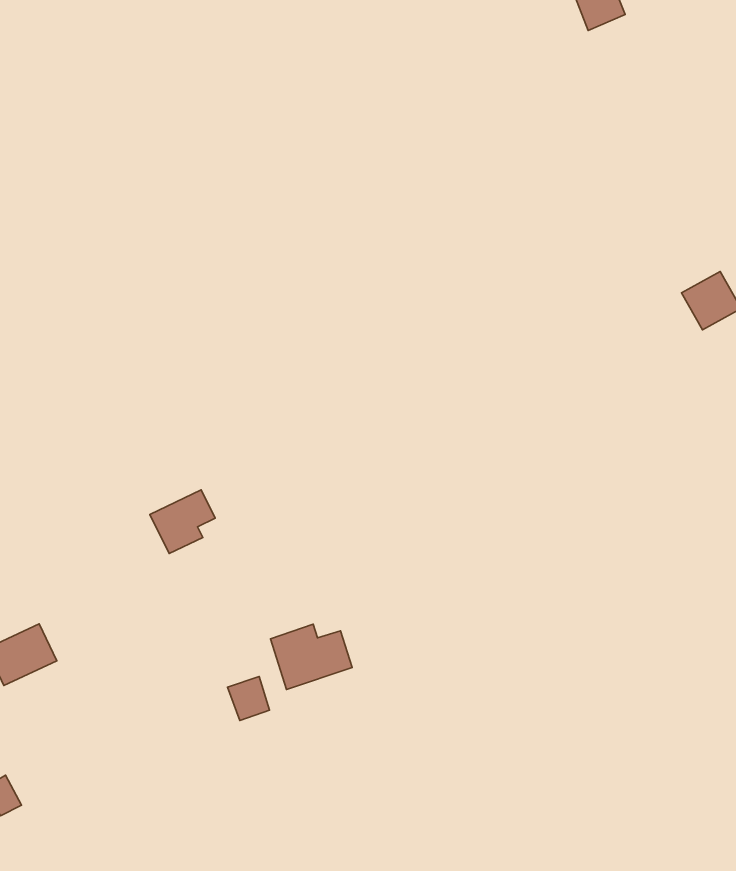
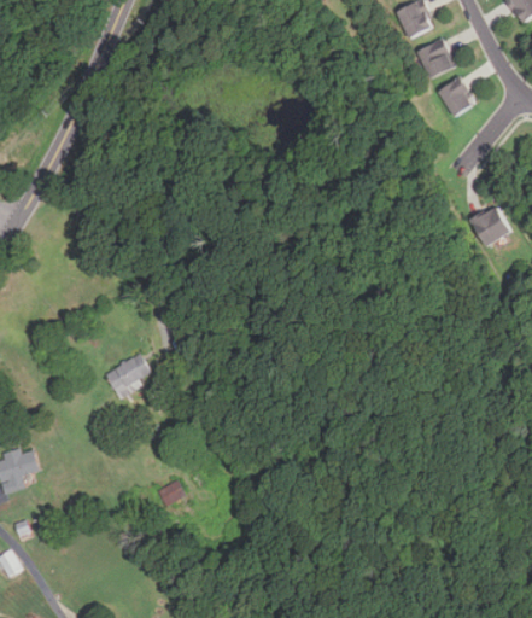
building: none -> [416,39,455,78]
building: none -> [438,78,474,116]
building: [270,624,352,689] -> none

